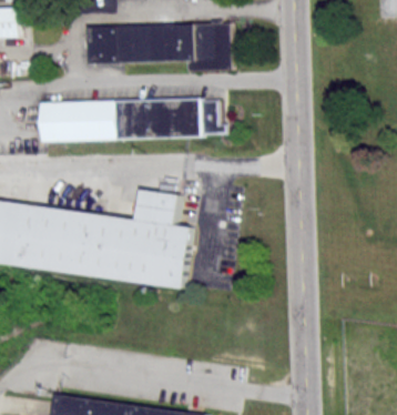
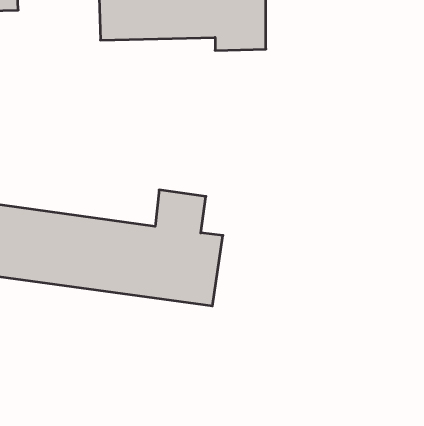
building: [42,101,227,143] -> none

